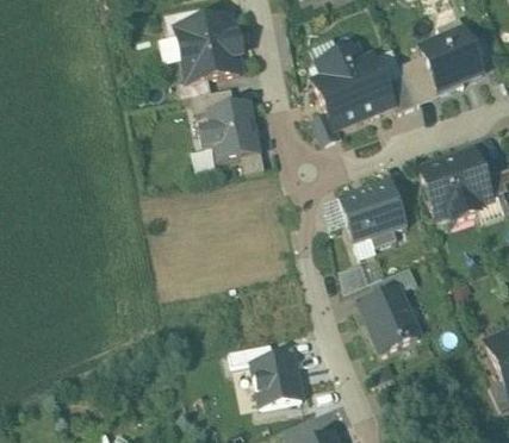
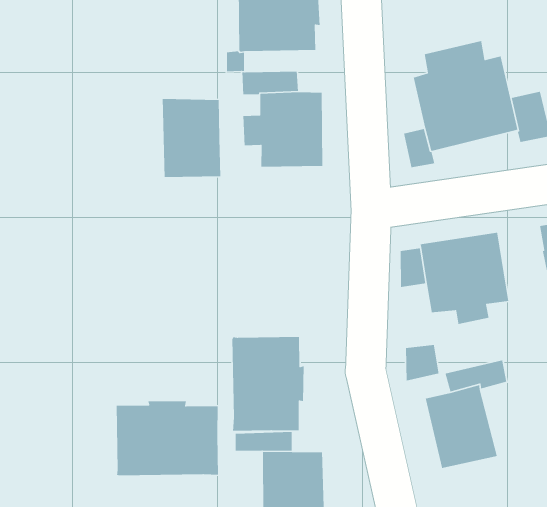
building: none -> [162,98,221,178]
building: none -> [232,336,304,432]
building: none -> [116,400,219,476]

